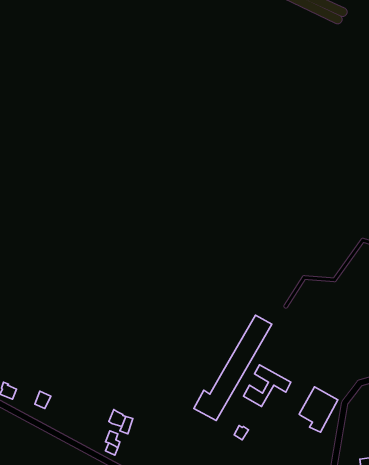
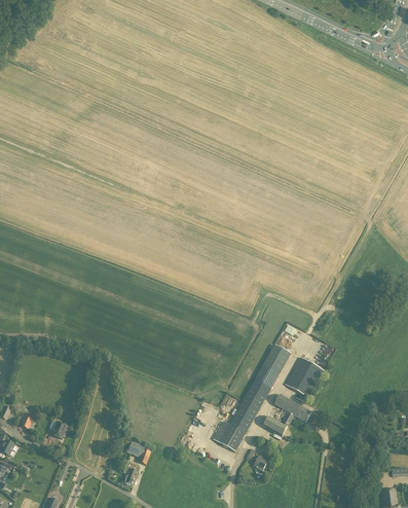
building: [299,387,338,432] -> [284,356,323,402]

